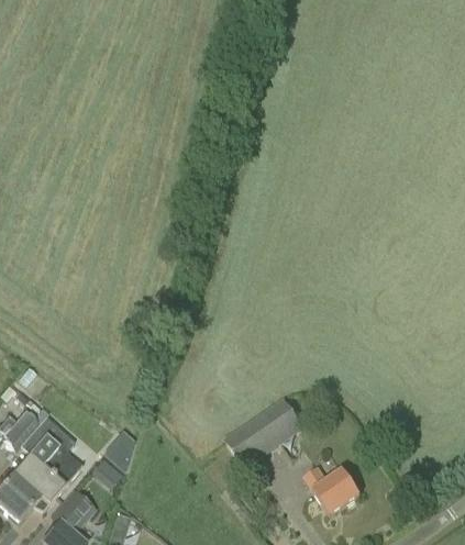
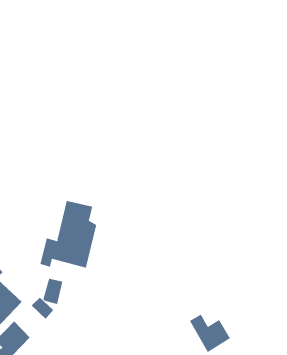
building: none -> [40,200,97,269]
building: [223,397,303,467] -> none

